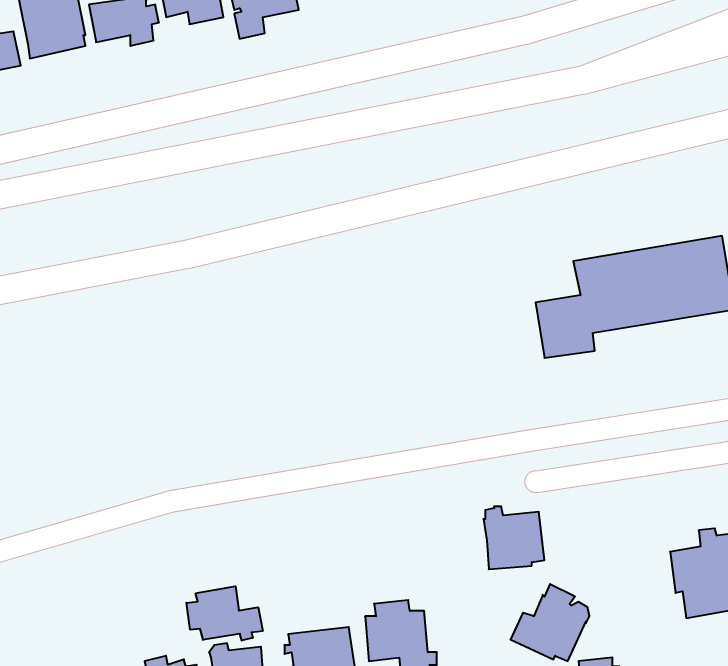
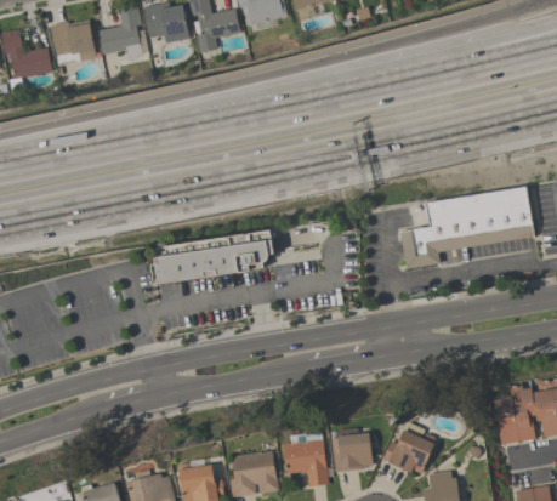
building: none -> [152,229,274,283]
building: [483,506,544,569] -> [331,428,373,471]
building: [186,586,263,641] -> none

